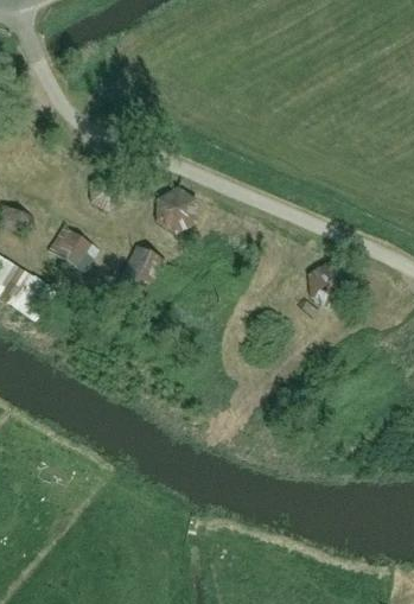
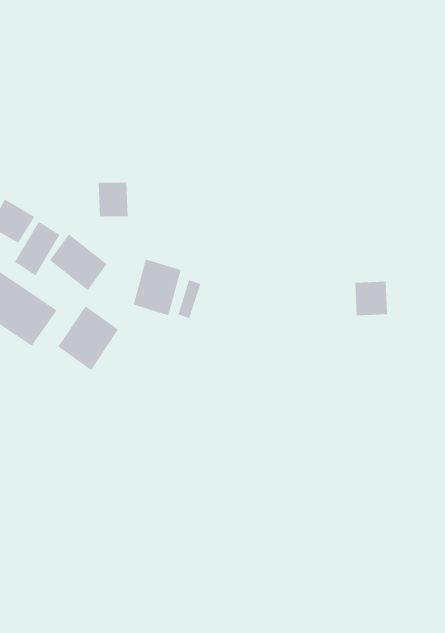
building: [159,192,192,231] -> none
building: none -> [14,221,60,276]
building: none -> [58,305,119,371]

